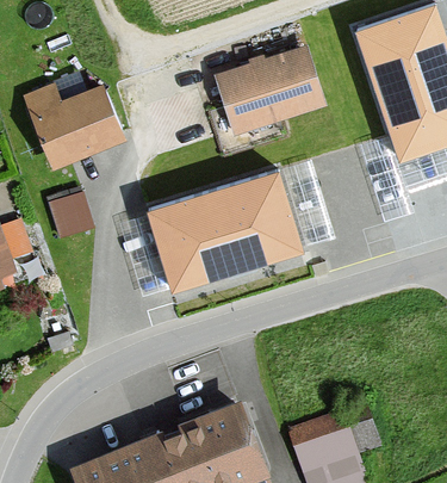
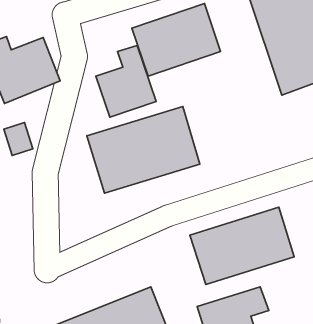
building: none -> [96,46,156,117]
building: none -> [190,207,294,284]

